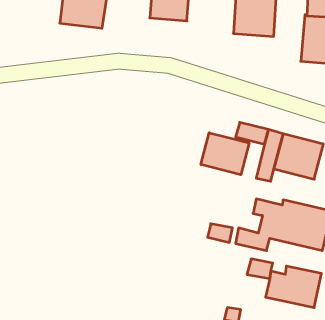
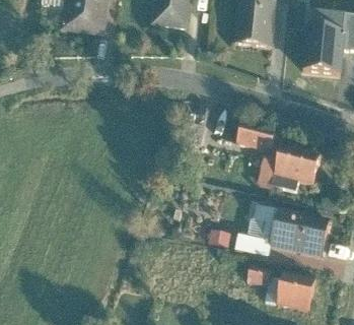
building: [201,133,249,175] -> none

